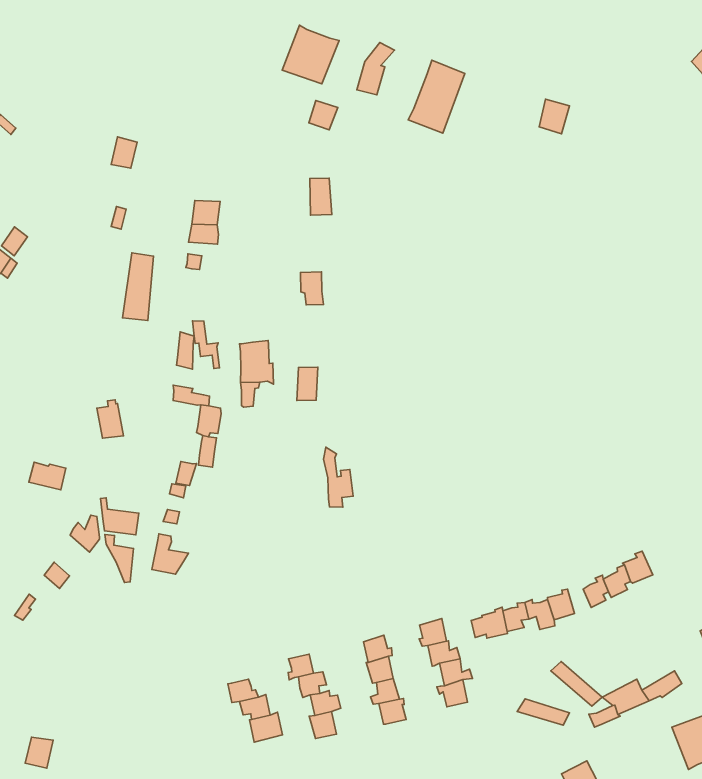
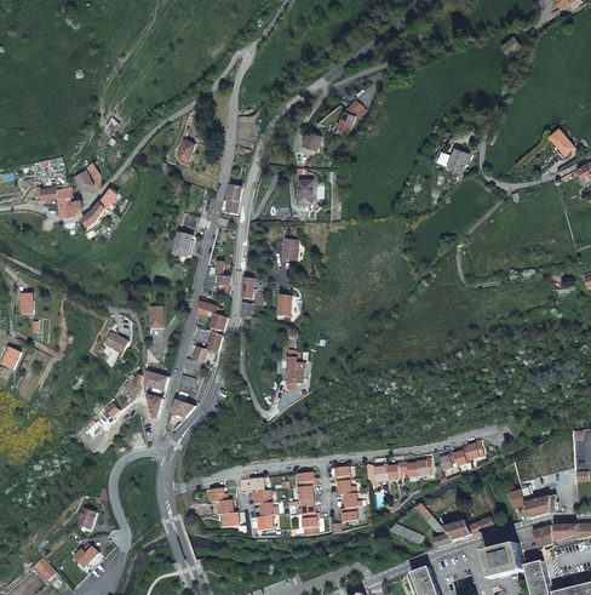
building: [282,25,339,84] -> none
building: [408,60,465,133] -> none

